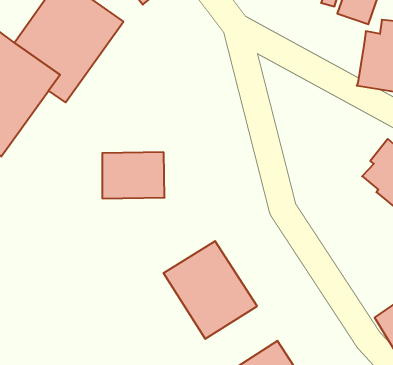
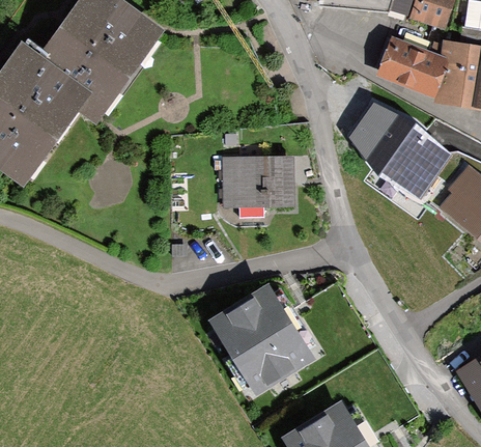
building: none -> [377,35,443,99]
building: none -> [351,107,454,200]
building: [102,152,165,198] -> [223,158,295,212]

